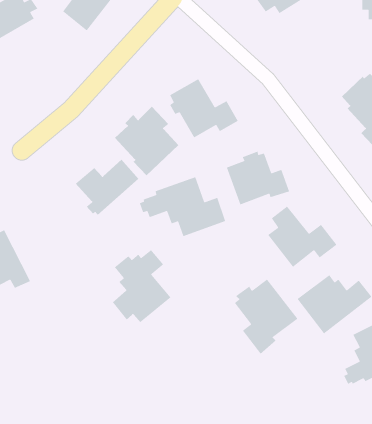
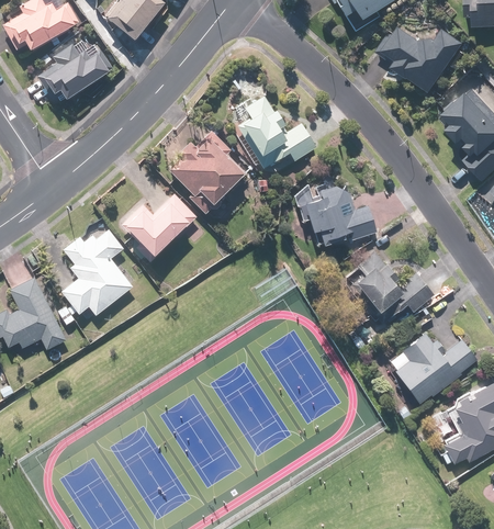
building: none -> [377,24,463,93]
building: none -> [36,45,109,101]
building: [139,176,226,237] -> none
building: [112,249,171,323] -> [61,228,133,317]
building: [234,278,298,355] -> none

